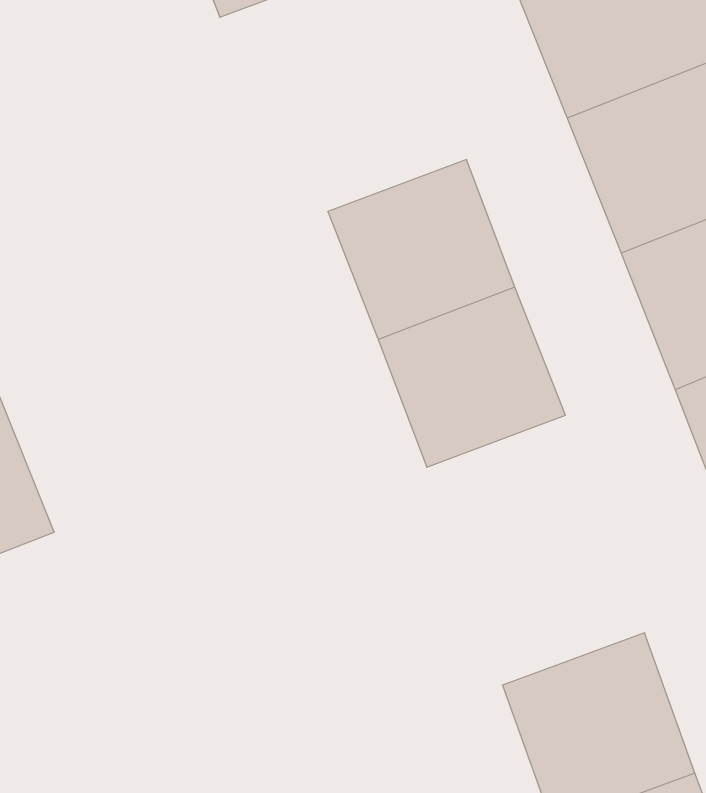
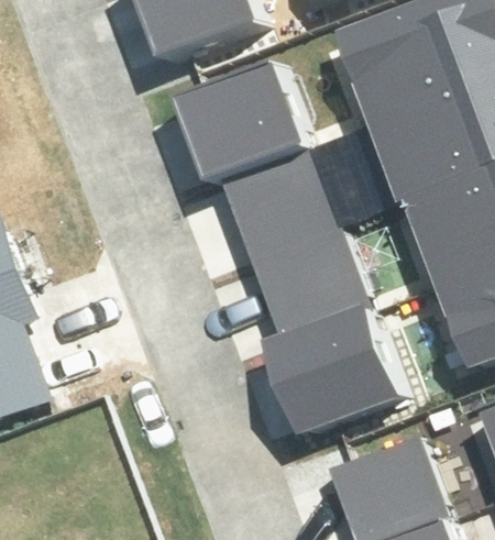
building: none -> [182,65,309,184]
building: none -> [268,304,404,431]

